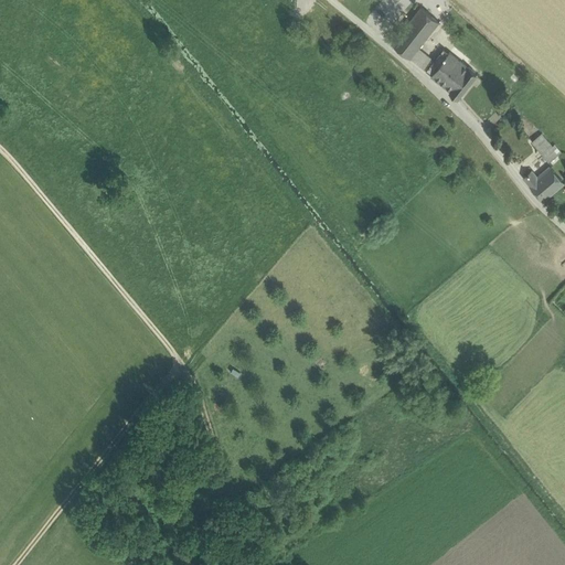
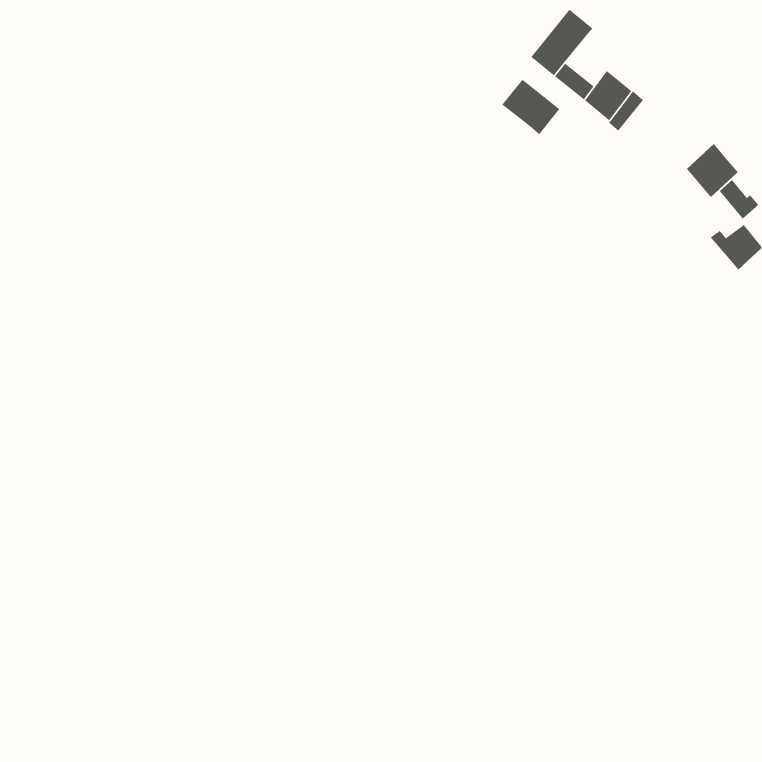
building: none -> [502,79,560,135]
building: none -> [686,143,739,198]

